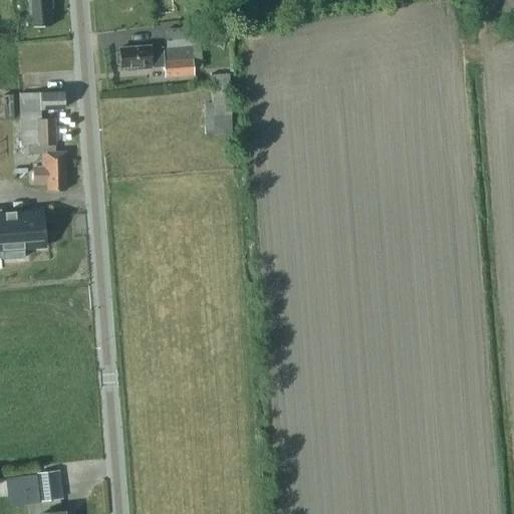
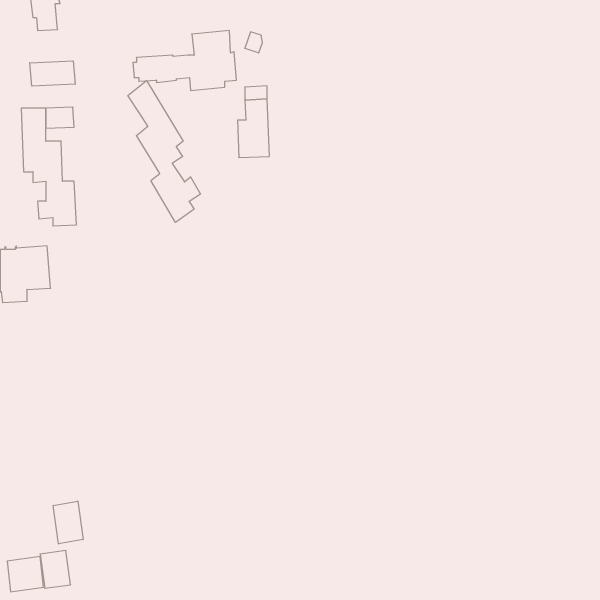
building: none -> [30,61,75,86]
building: none -> [128,81,200,222]
building: none -> [53,501,83,544]

